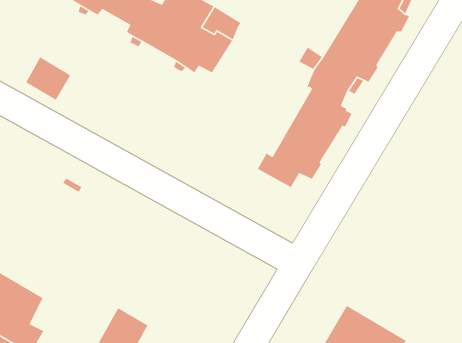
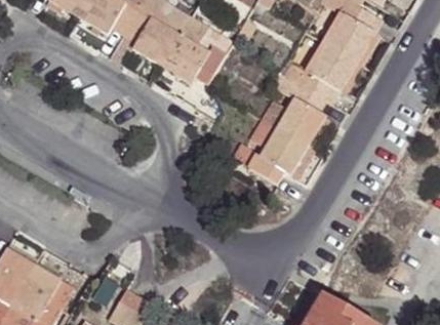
building: [25,56,71,101] -> none

